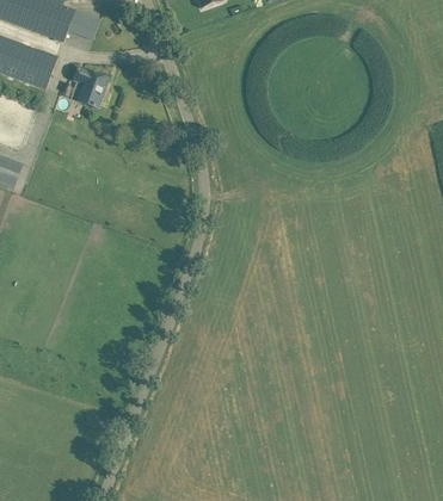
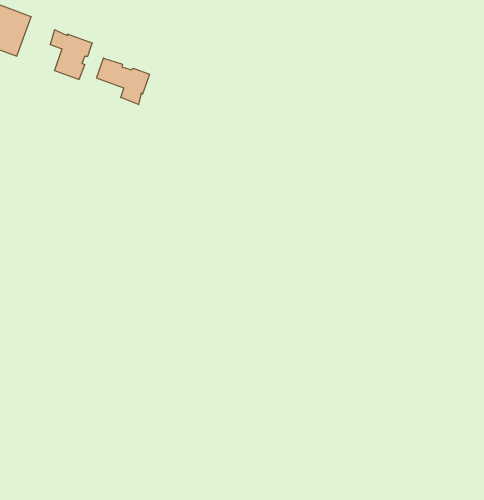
building: none -> [97,58,150,105]

